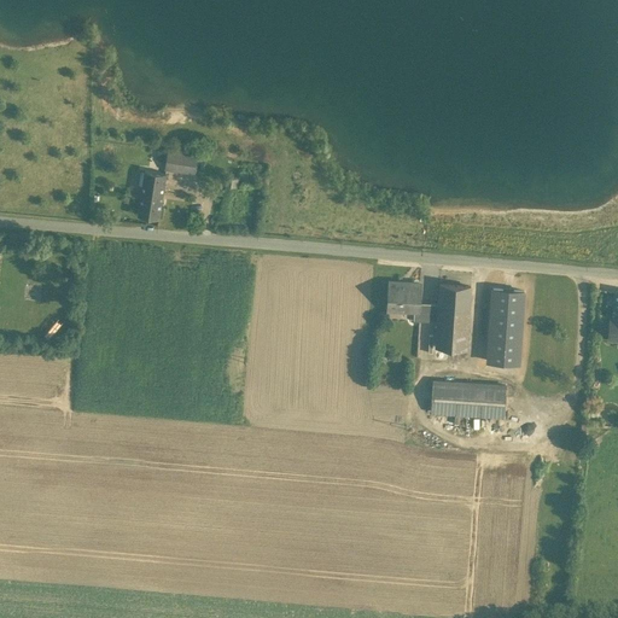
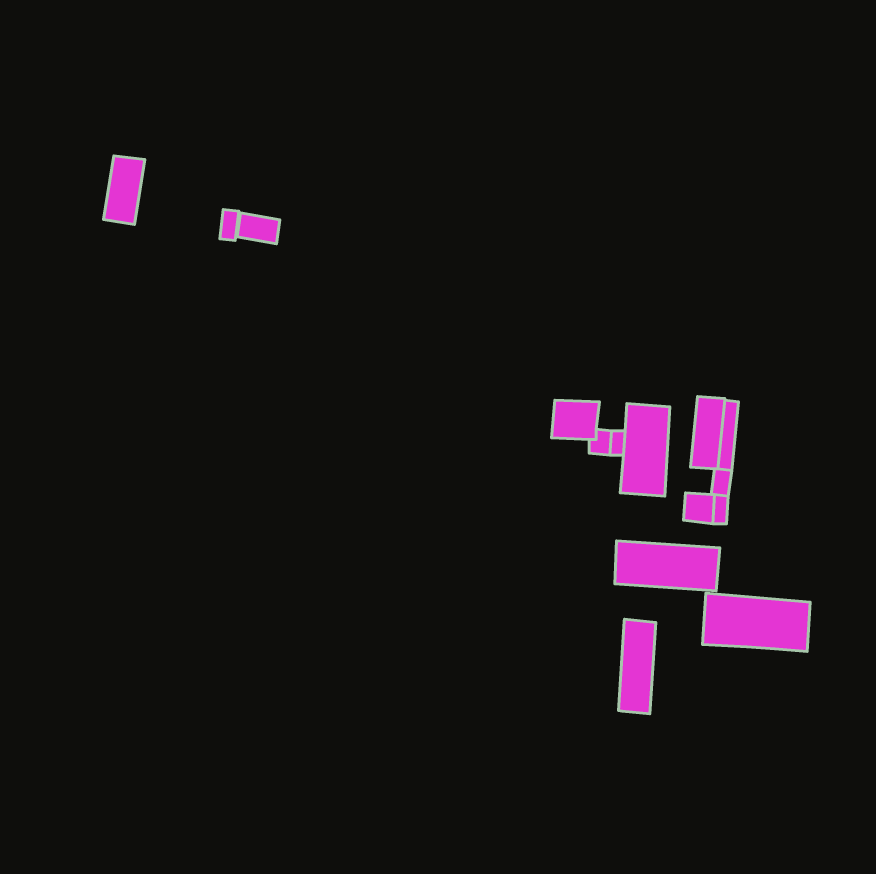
building: [139,171,168,220] -> [104,156,145,225]
building: none -> [702,593,810,651]
building: none -> [618,619,656,714]

